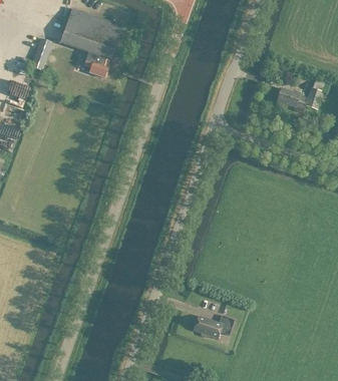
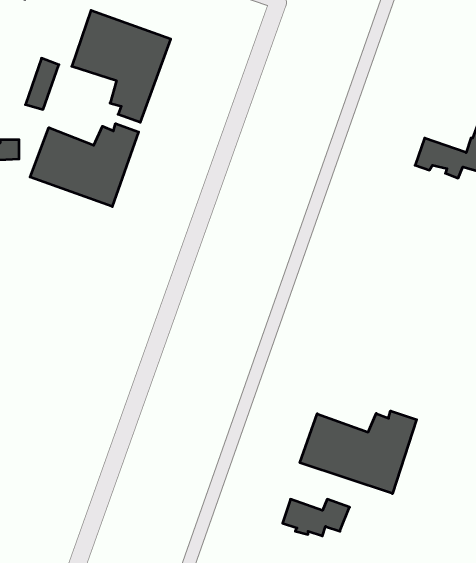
building: none -> [30,124,139,207]
building: none -> [300,411,417,494]

